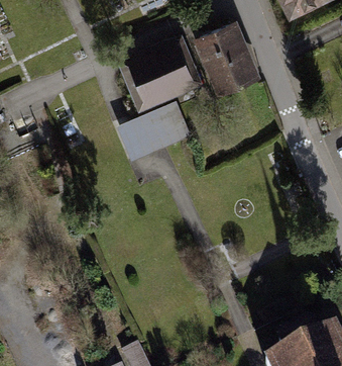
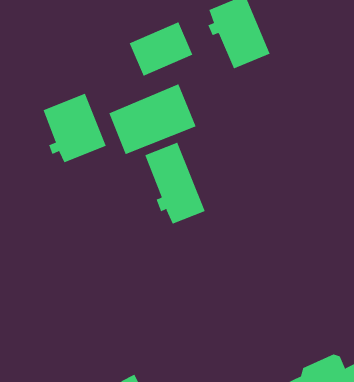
building: none -> [43,93,107,163]
building: none -> [145,142,205,225]

